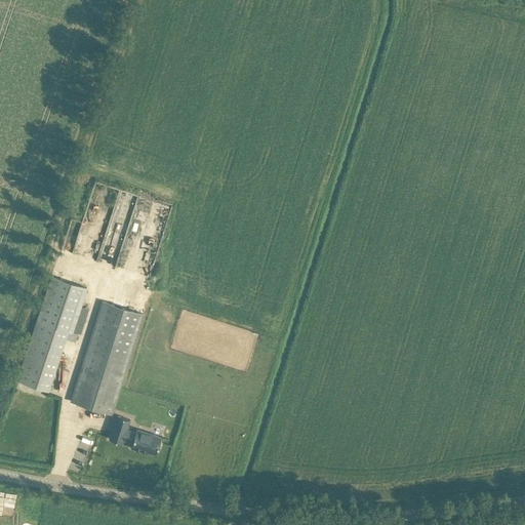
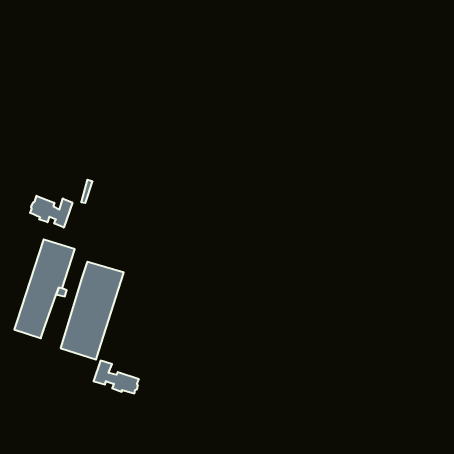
building: none -> [30,196,72,228]

